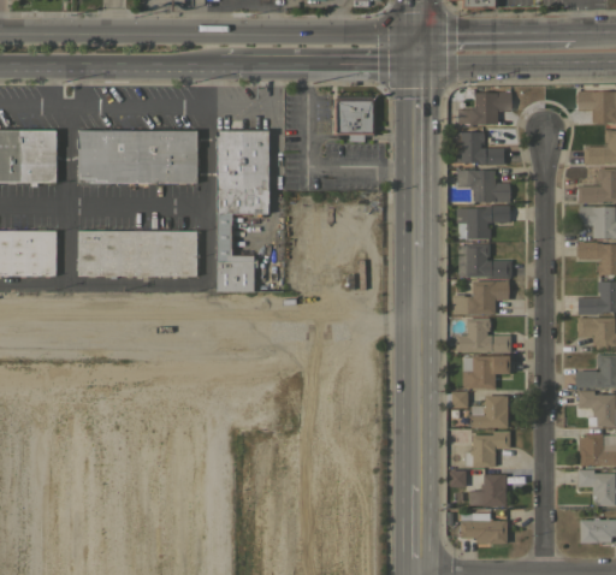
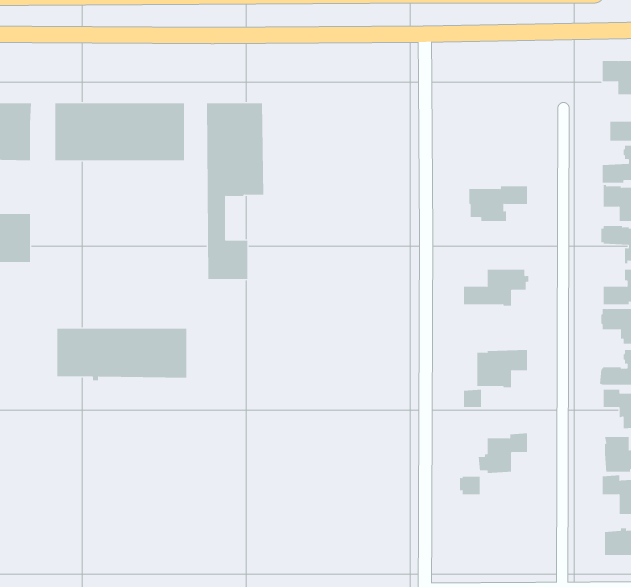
building: [458,91,511,125] -> none
building: [333,96,377,142] -> none
building: [451,132,505,165] -> none
building: [457,170,511,203] -> none
building: [78,231,197,279] -> [57,328,187,381]
building: [458,244,511,278] -> none
building: [456,319,511,352] -> none
building: [470,396,508,428] -> none
building: [470,474,507,506] -> none
building: [461,512,508,544] -> none

